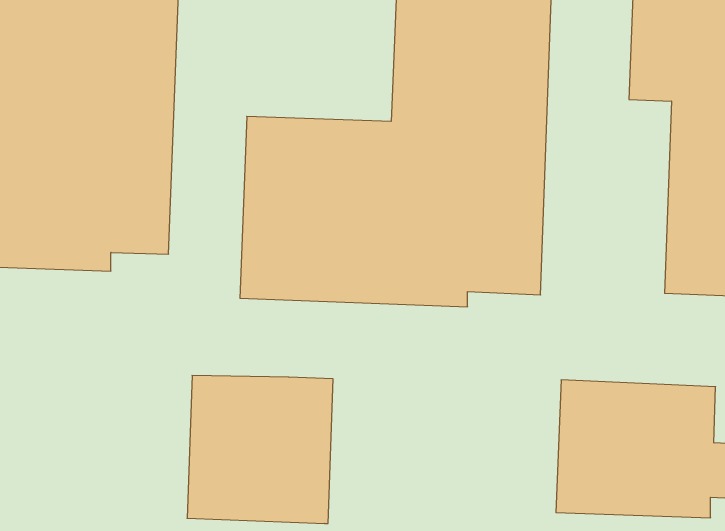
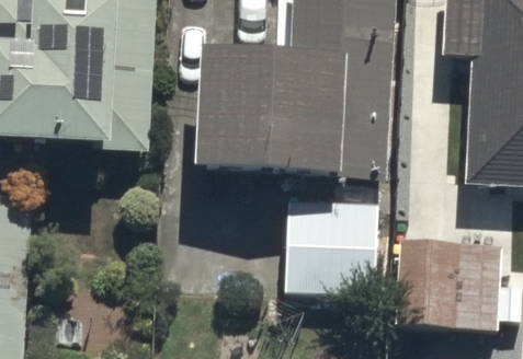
building: [187,375,333,523] -> [284,204,378,299]

